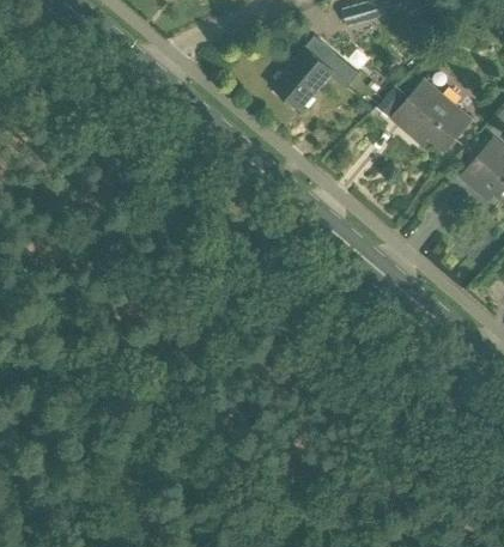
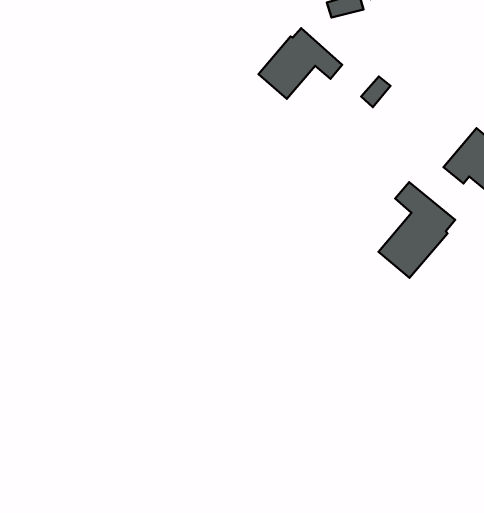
building: [390,79,473,152] -> none
building: none -> [378,182,455,278]

